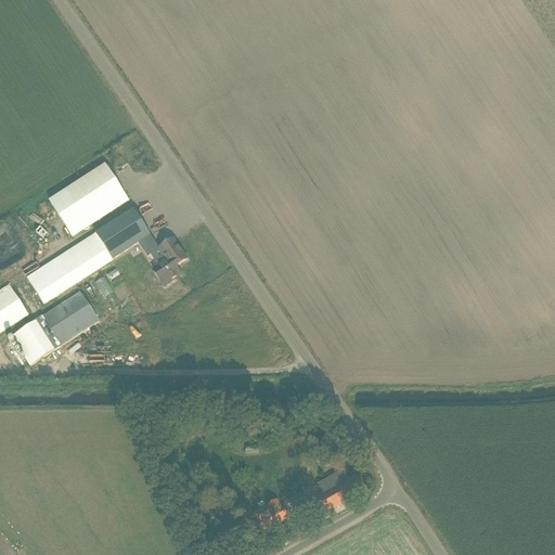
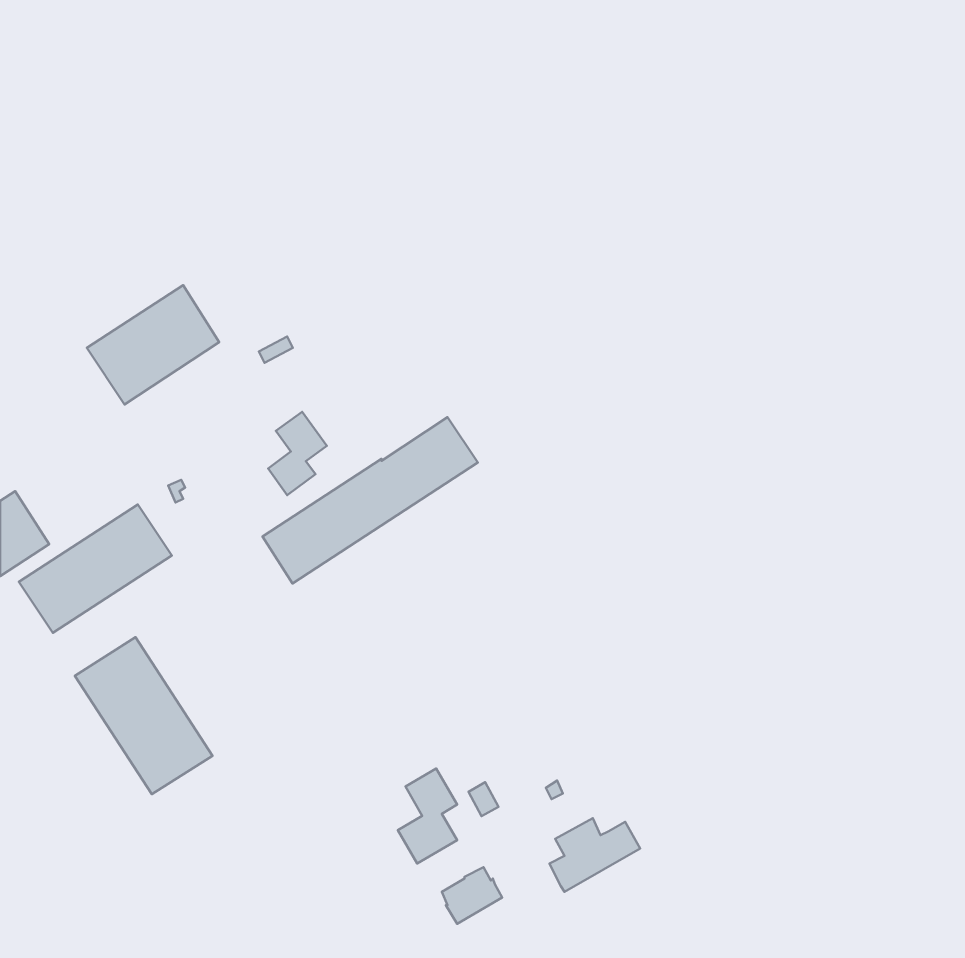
building: [27,207,151,302] -> [262,417,478,584]
building: none -> [75,637,213,794]
building: none -> [398,768,457,863]

